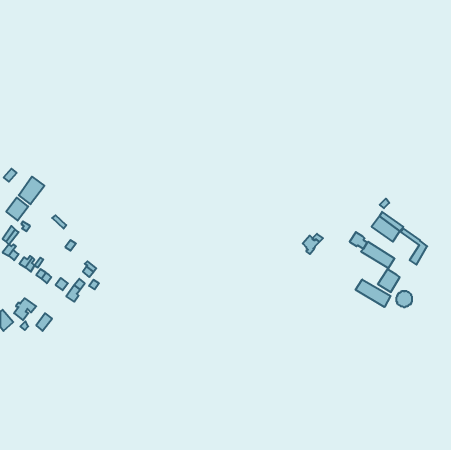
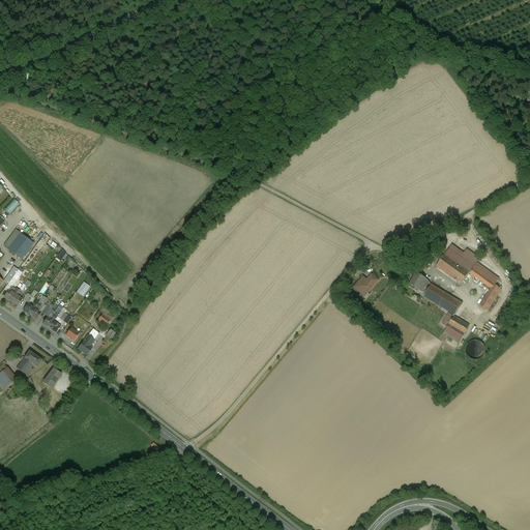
building: [19,177,44,204] -> none
building: [356,279,391,307] -> none

